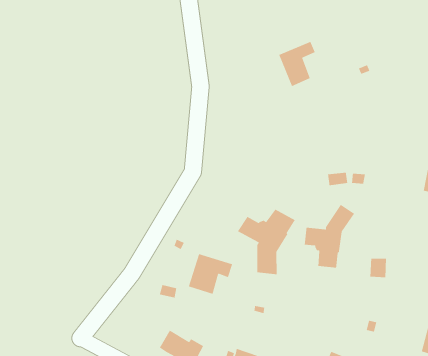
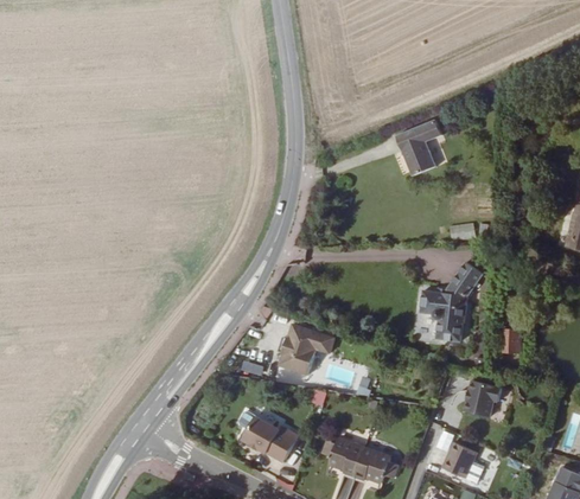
building: [278,41,316,87] -> [396,120,442,177]
building: [237,208,296,275] -> none
building: none -> [465,380,503,417]

